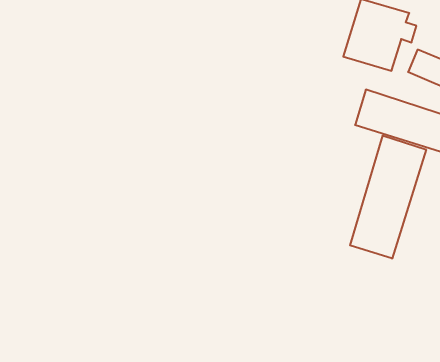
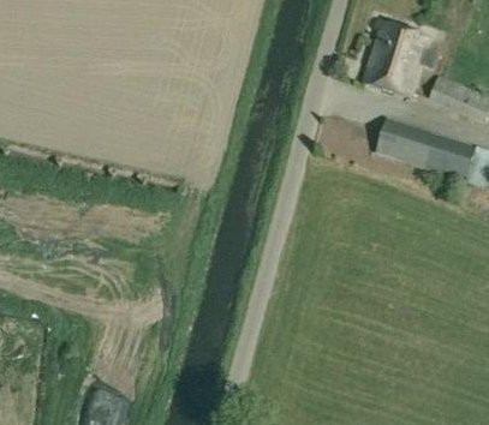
building: [350,136,426,259] -> none

